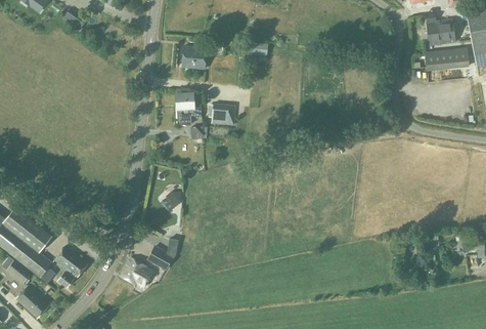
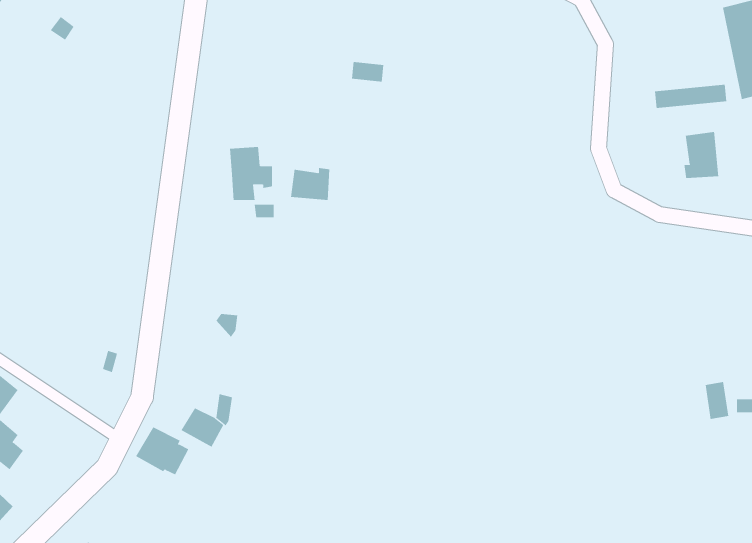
building: [426,13,455,45] -> none
building: [182,45,207,69] -> none
building: none -> [684,131,719,179]
building: [55,246,88,284] -> none

